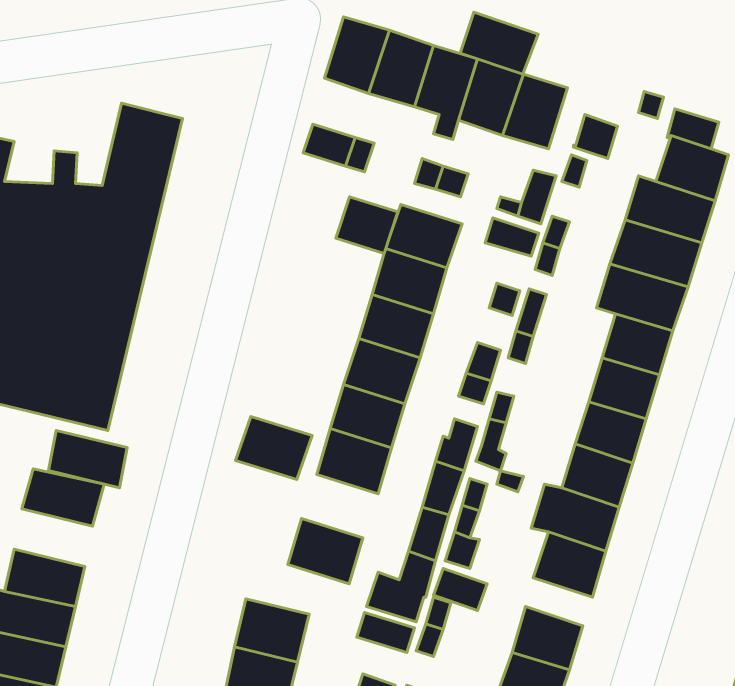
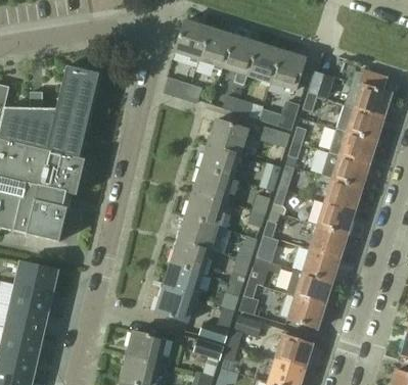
building: [460,12,538,74] -> none
building: [336,197,398,253] -> none
building: [236,416,312,480] -> [164,263,205,297]
building: [49,430,127,488] -> [10,282,52,312]

